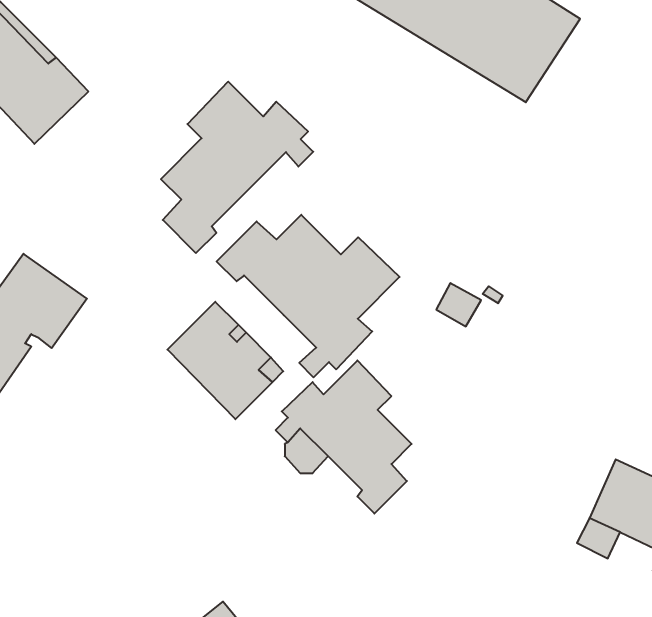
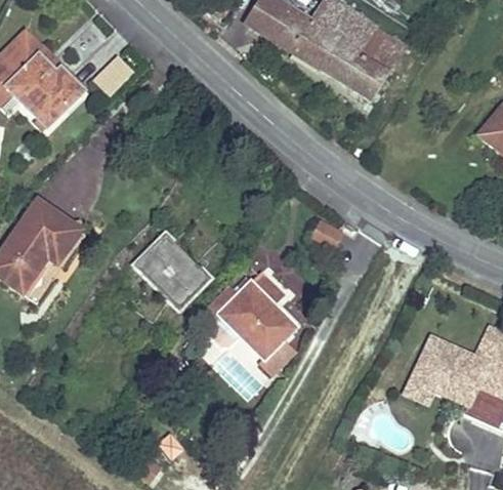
building: none -> [92,54,134,95]
building: [161,82,313,253] -> none
building: [217,215,400,377] -> none

